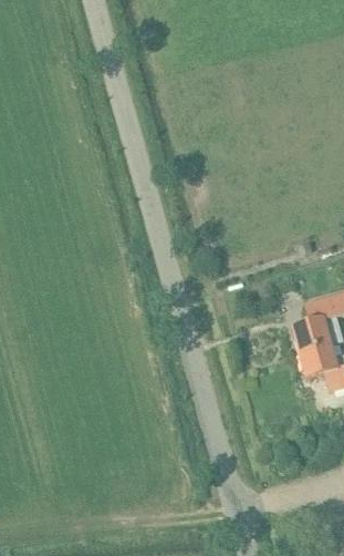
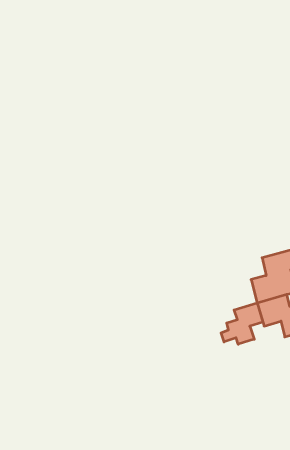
building: none -> [221,303,263,344]

